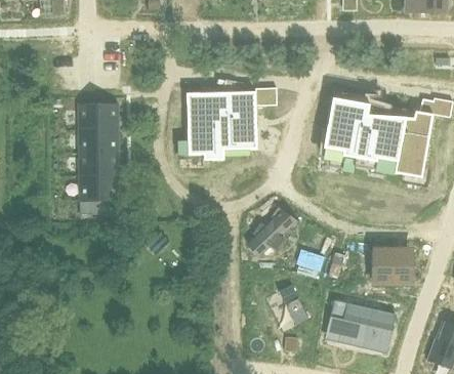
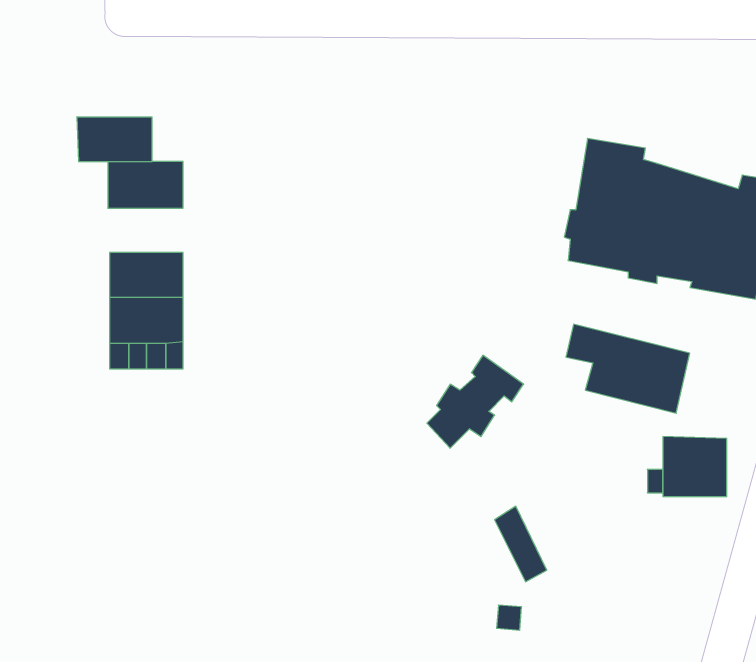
building: [189,85,279,161] -> none
building: [78,128,118,152] -> [77,117,152,162]
building: [329,299,395,346] -> [566,324,690,413]

